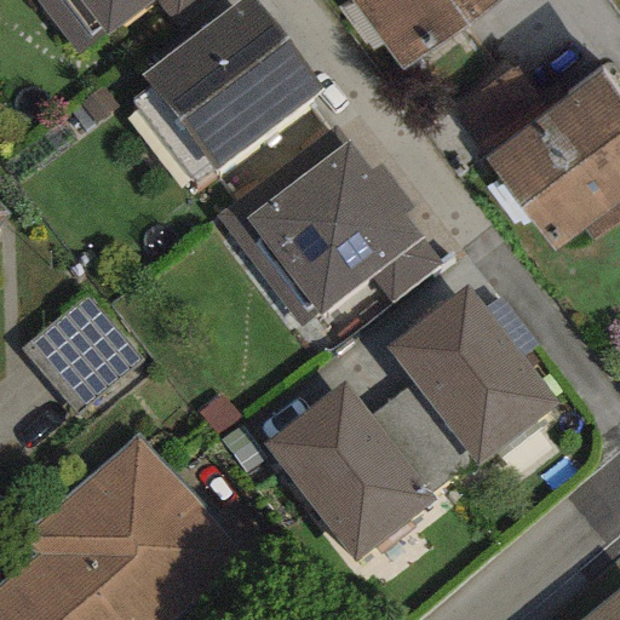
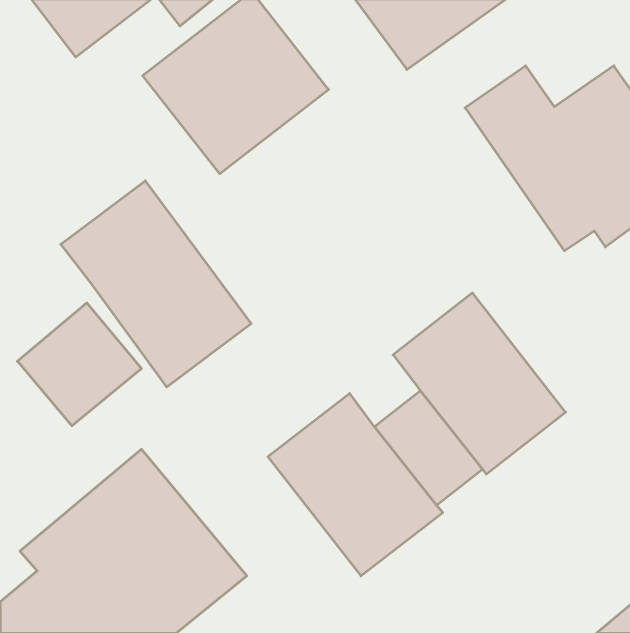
building: [212,122,442,329] -> none
building: none -> [61,181,251,387]

